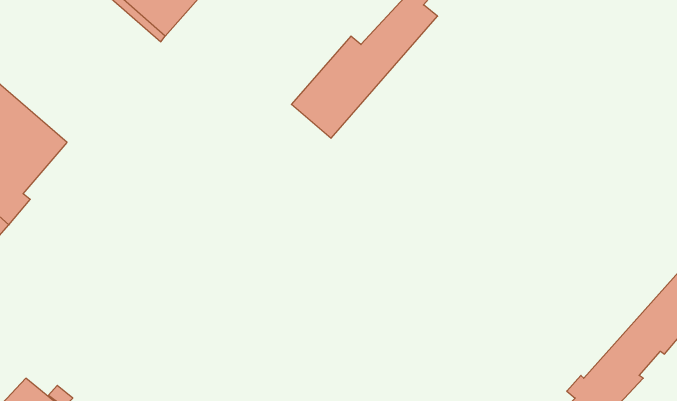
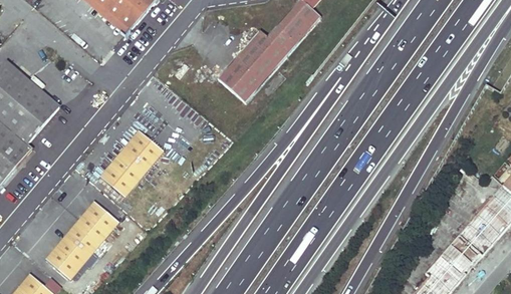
building: none -> [99,130,164,198]
building: none -> [45,201,118,280]

